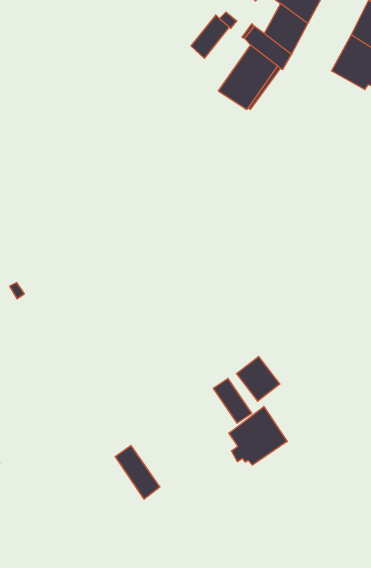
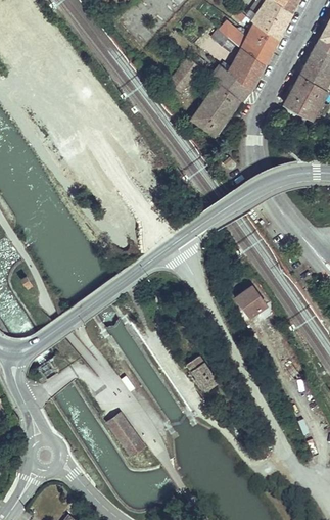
building: [236,356,280,401] -> [232,285,268,322]
building: [229,406,287,465] -> none

